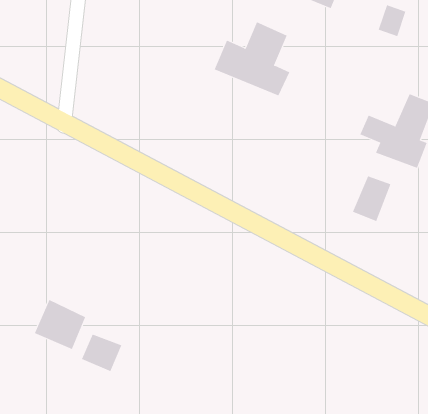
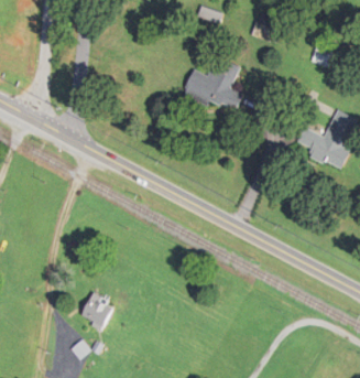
building: [352,175,391,222] -> none
building: [34,299,86,350] -> none

